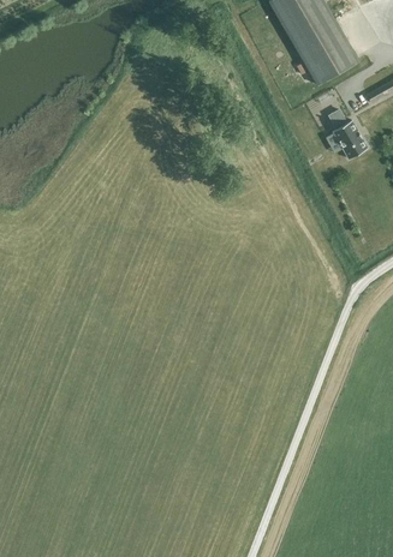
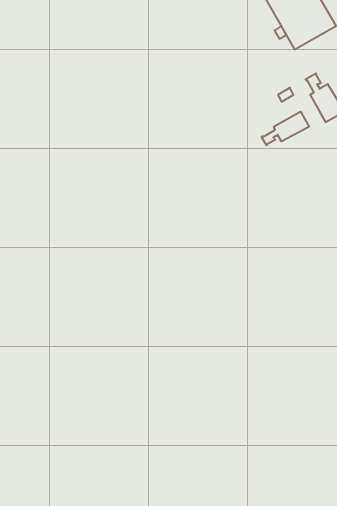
building: none -> [262,112,309,145]

